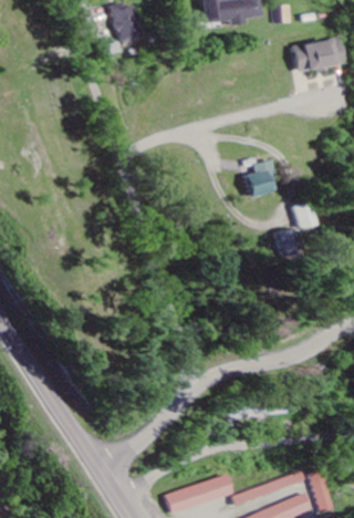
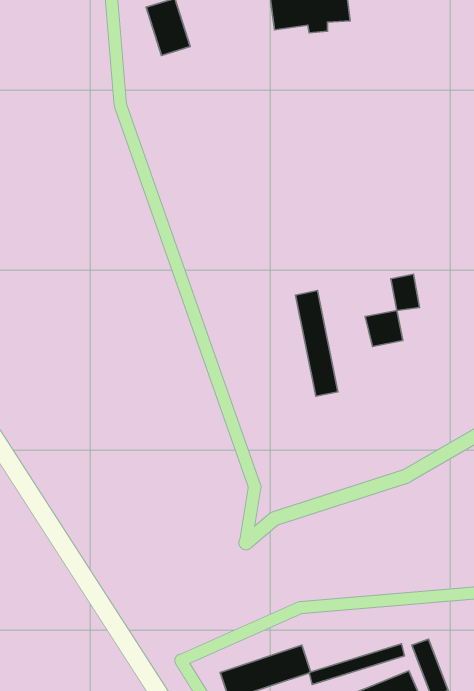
building: [294,40,344,71] -> none
building: [242,160,275,198] -> none
building: none -> [295,291,338,396]

